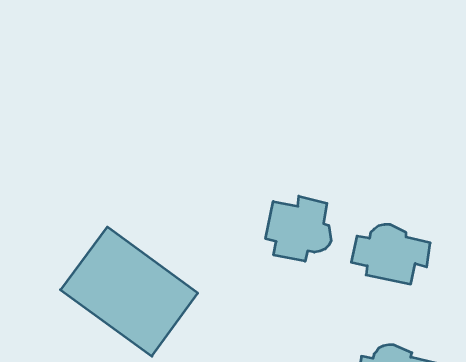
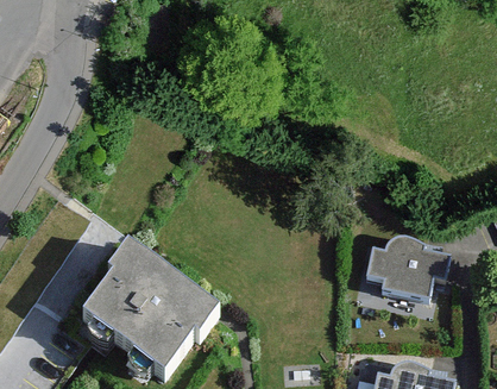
building: [266,196,331,261] -> none

